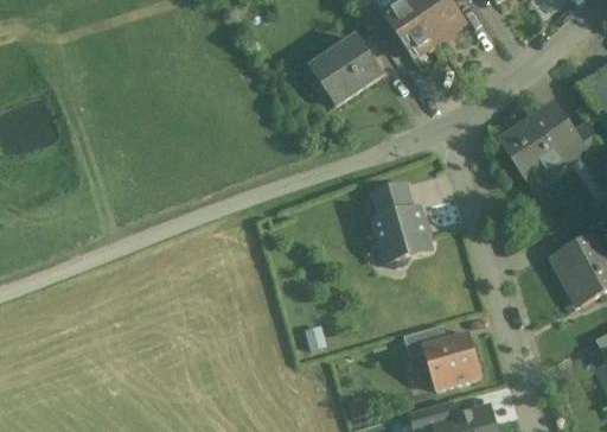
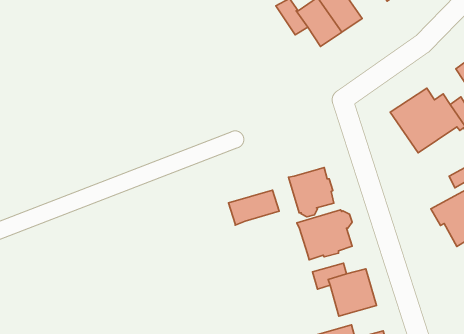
building: [309,38,382,107] -> none
building: [373,183,410,217] -> none
building: none -> [229,190,279,225]
building: none -> [297,210,352,260]

